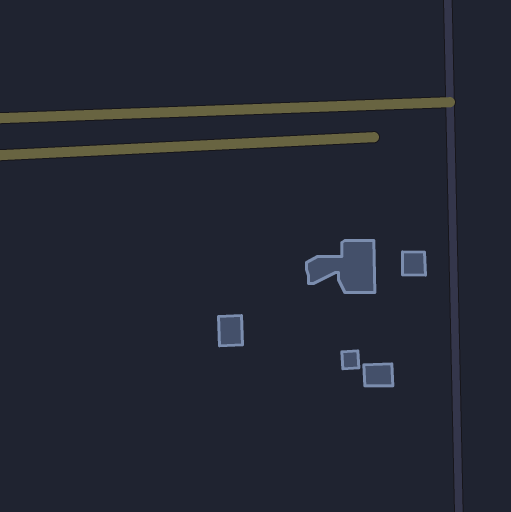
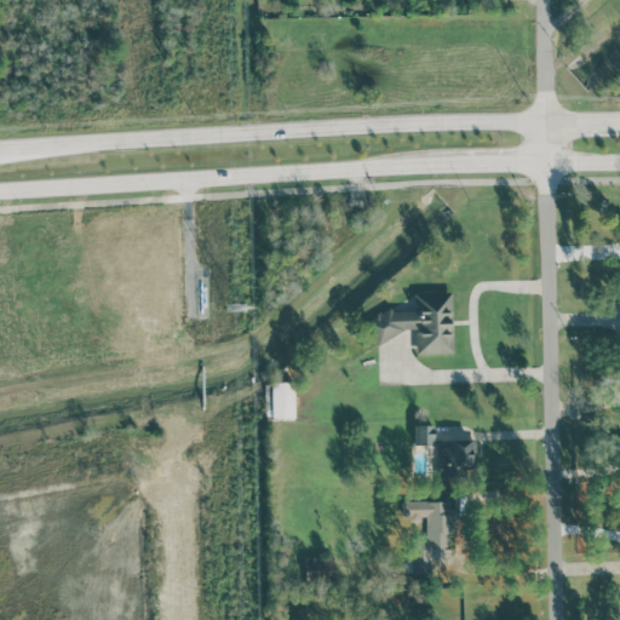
building: [403,252,425,275] -> none
building: none -> [402,500,452,572]

